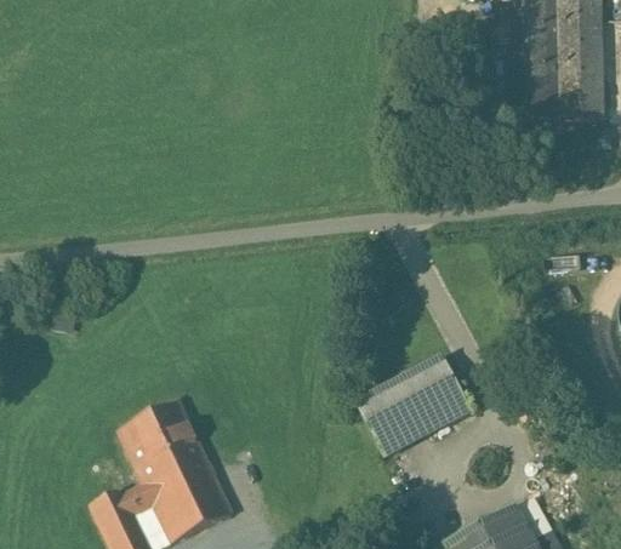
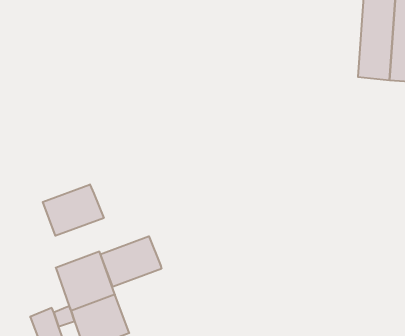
building: none -> [43,184,104,236]
building: [357,355,473,453] -> none
building: none -> [100,236,161,287]

